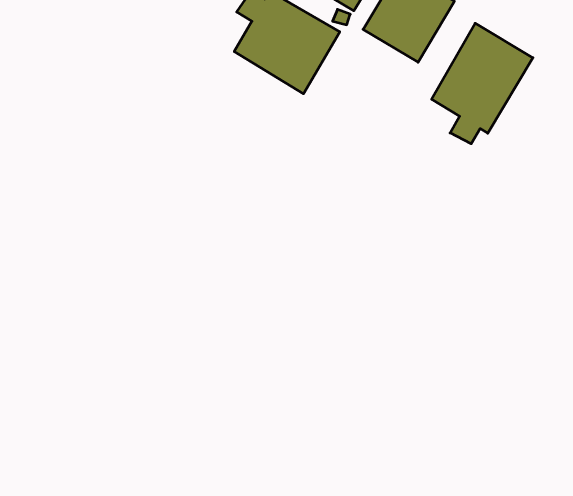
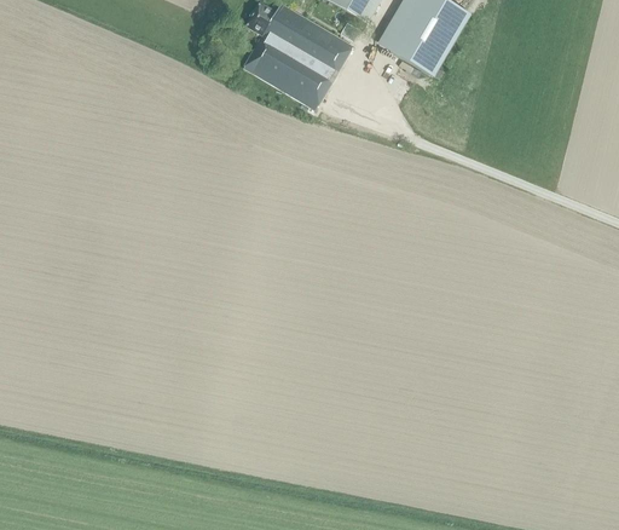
building: [432,23,533,144] -> none

